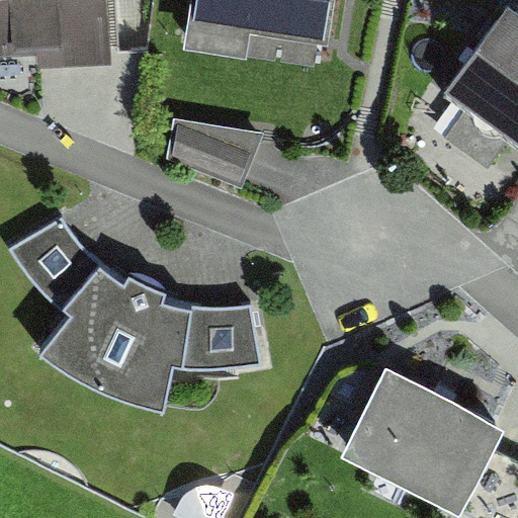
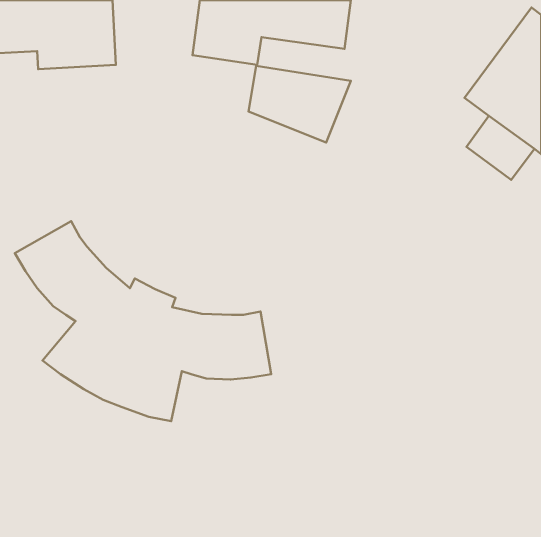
building: [166,119,263,192] -> [249,66,351,142]
building: [340,362,503,510] -> none

